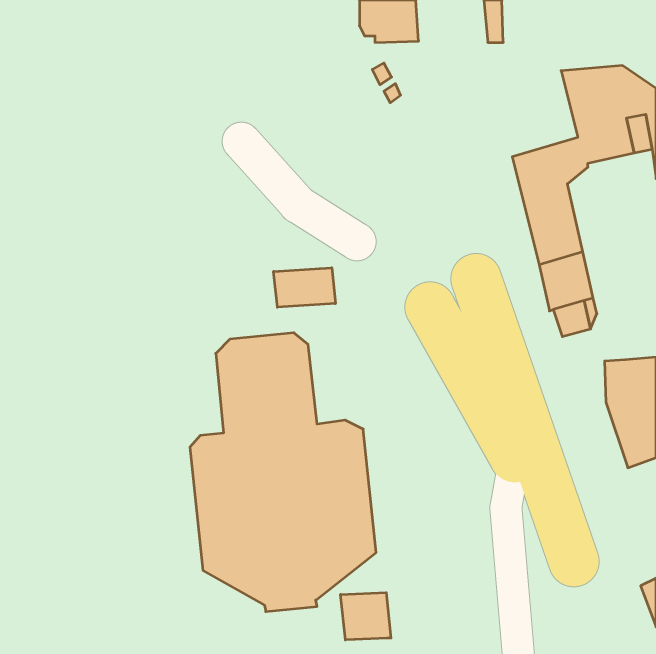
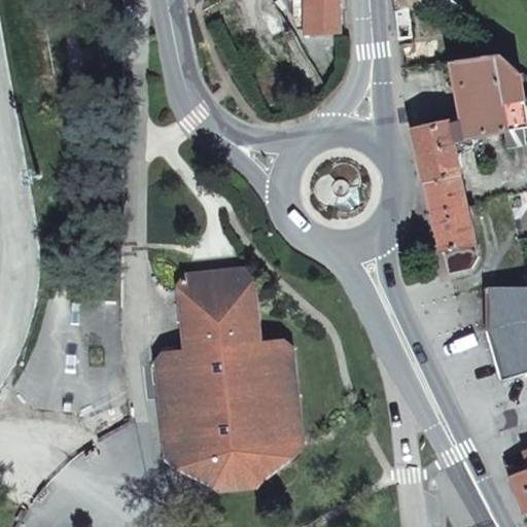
building: [274,268,335,307] -> none
building: [341,593,391,640] -> none

